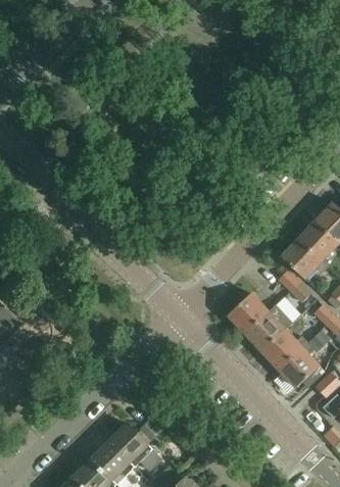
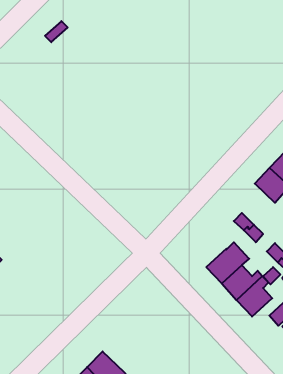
building: [282,238,322,278] -> none
building: [228,292,268,331] -> none

